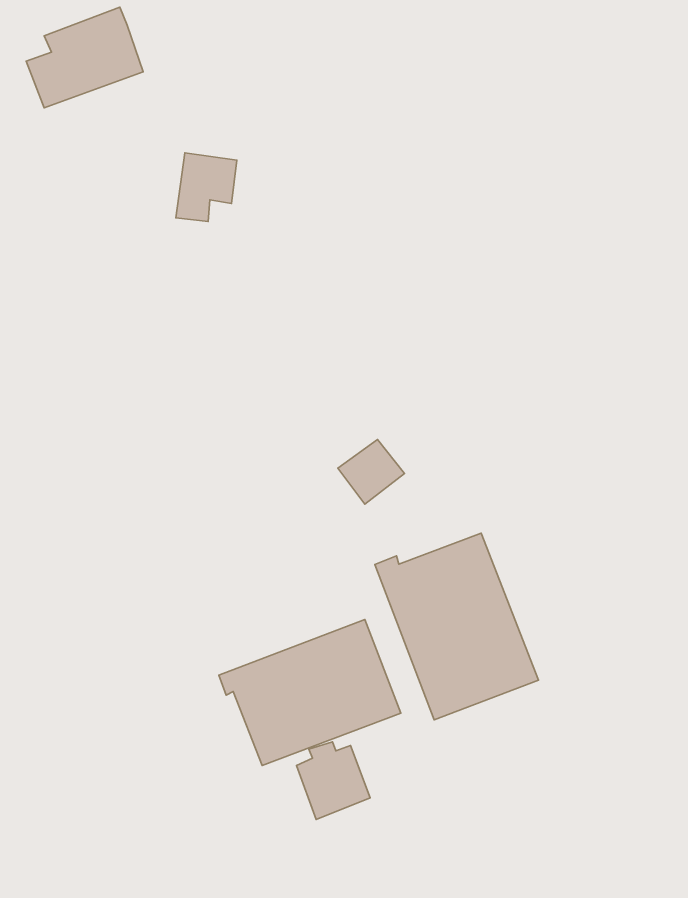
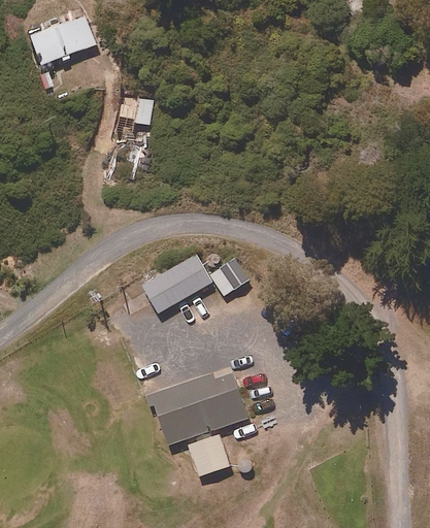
building: none -> [143,254,211,312]
building: [375,533,539,720] -> none

